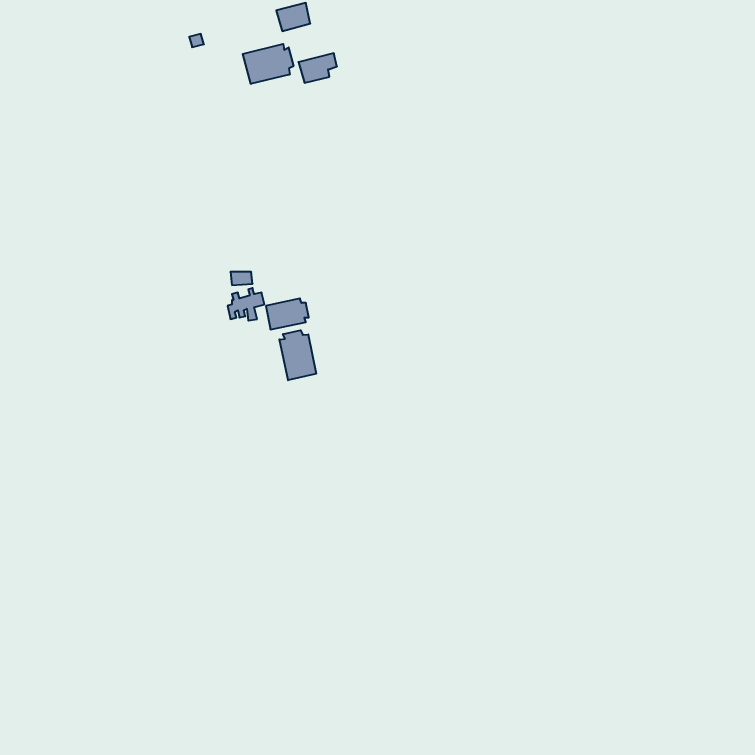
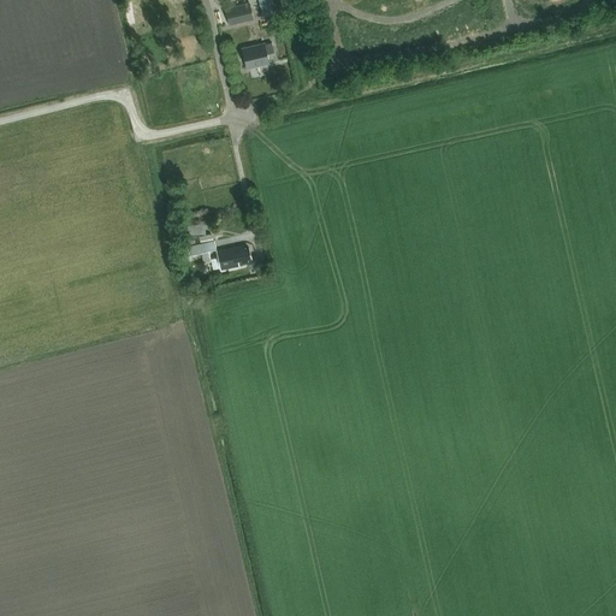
building: [243,44,293,84] -> none
building: [279,330,316,380] -> none

